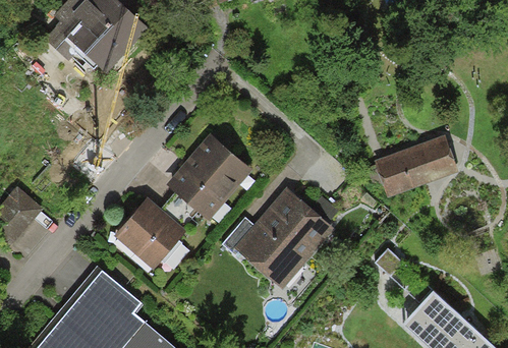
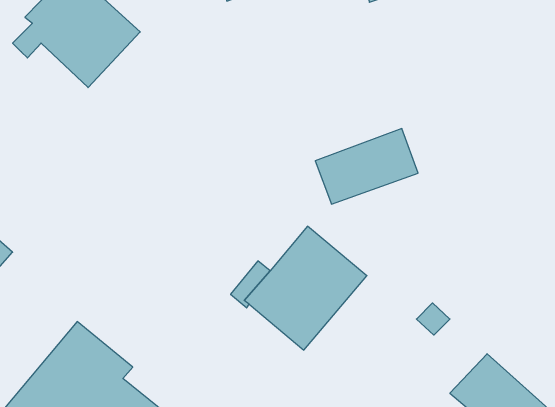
building: [165,133,251,222] -> none
building: [374,134,458,196] -> [315,129,418,204]
building: [114,197,186,270] -> none

